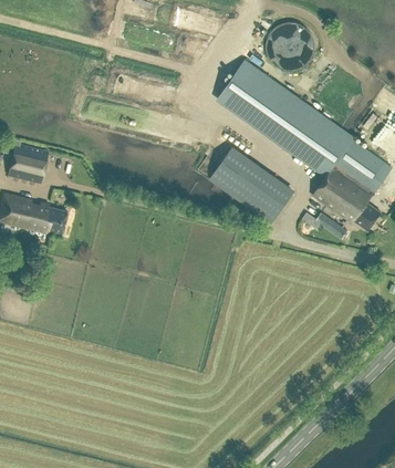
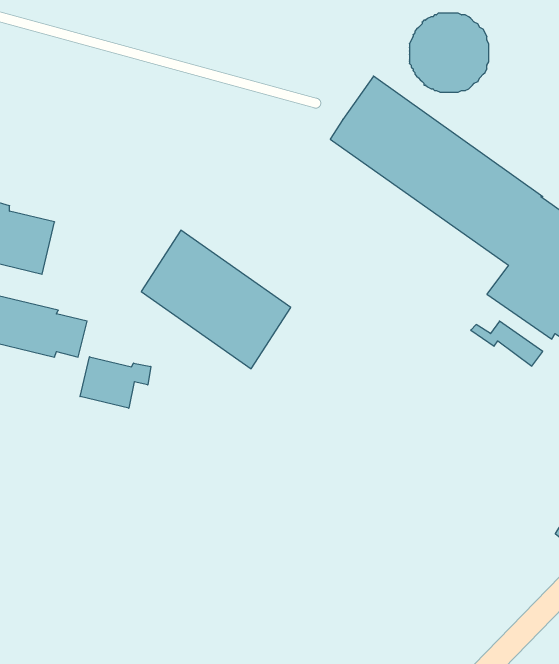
building: [201,142,293,227] -> [141,230,291,369]
building: none -> [80,357,151,408]

